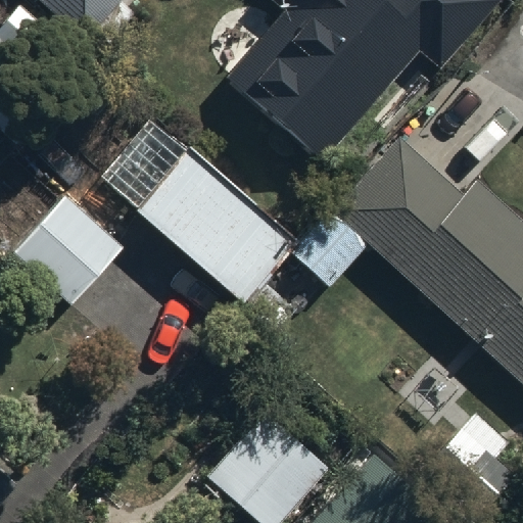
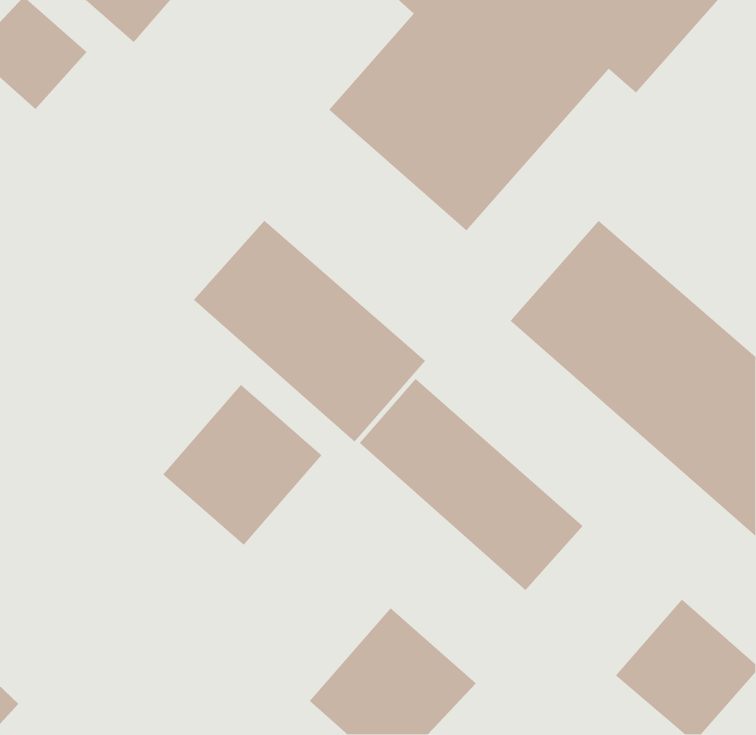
building: [10,200,121,312] -> [162,384,323,546]
building: none -> [359,378,584,591]

